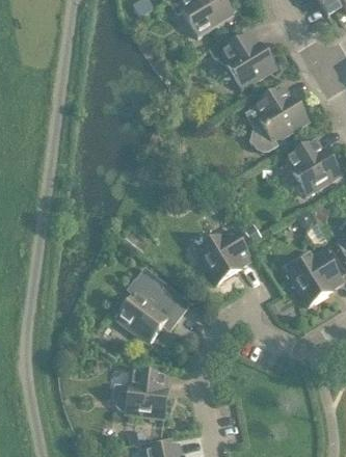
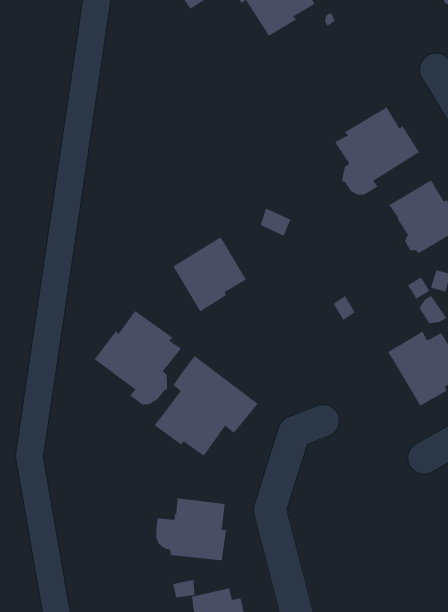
building: [207,31,275,87] -> none
building: [196,227,250,283] -> [173,237,247,312]
building: none -> [94,310,182,405]

